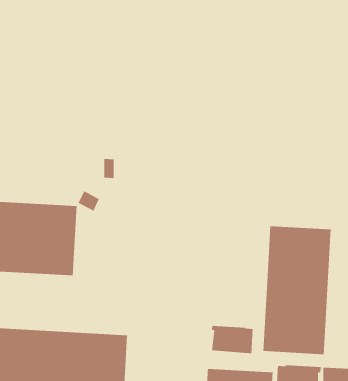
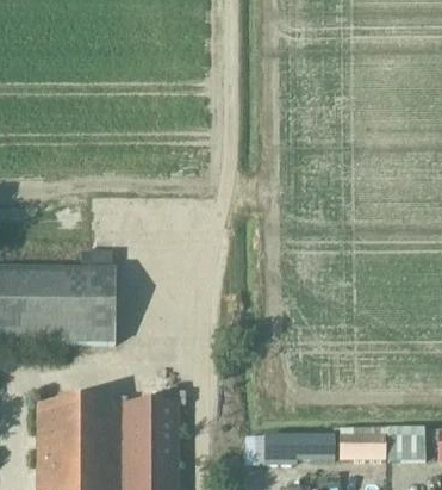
building: [263,225,332,355] -> none
building: [211,325,254,354] -> none

